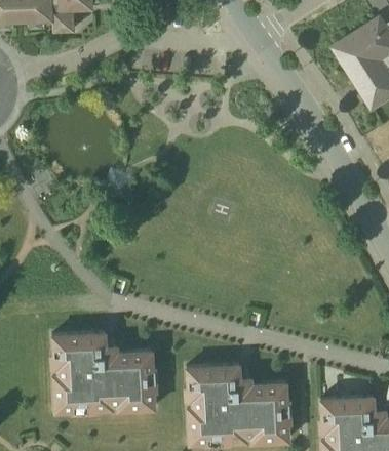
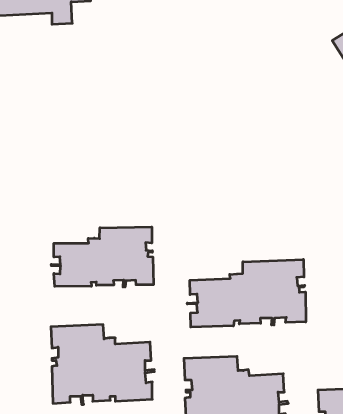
building: none -> [51,227,153,287]
building: none -> [187,259,306,327]

